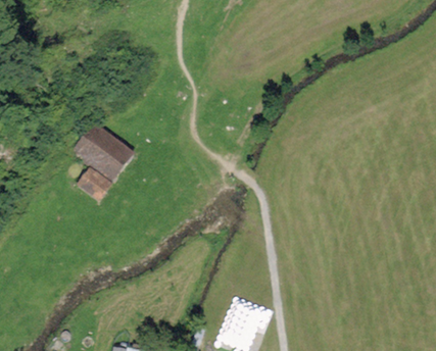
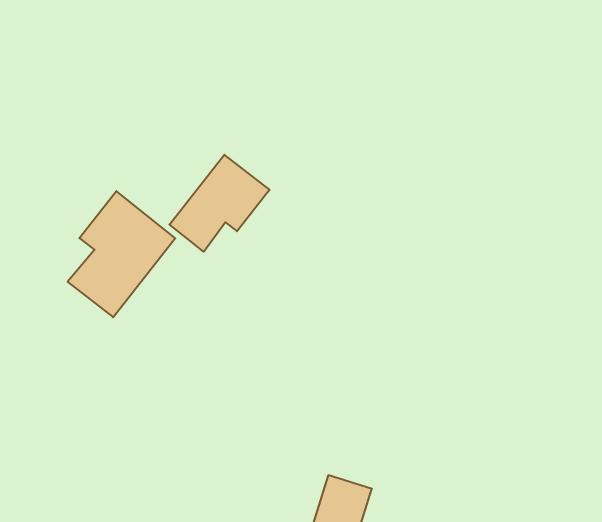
building: none -> [169,155,270,252]

